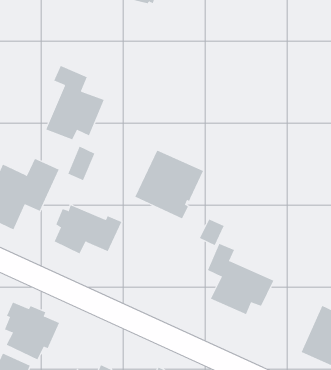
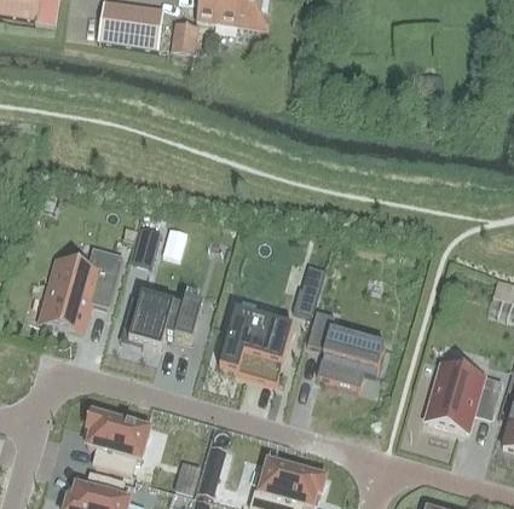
building: [46,65,104,140] -> none
building: [135,150,204,219] -> [219,306,293,380]

